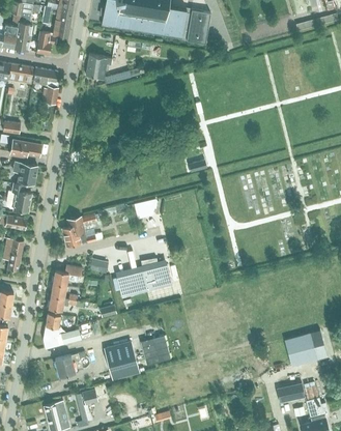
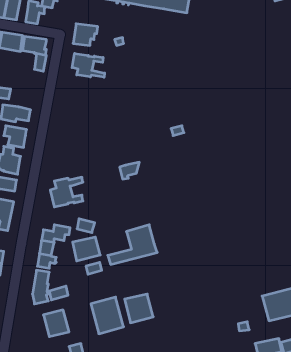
building: none -> [72,53,105,77]
building: [117,271,146,296] -> [73,237,100,261]

